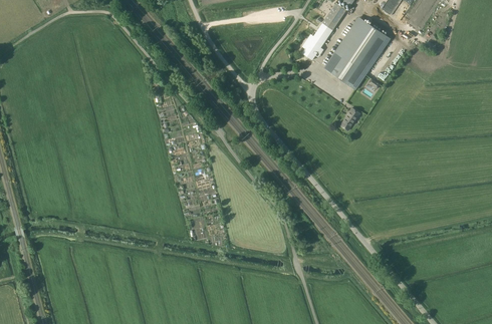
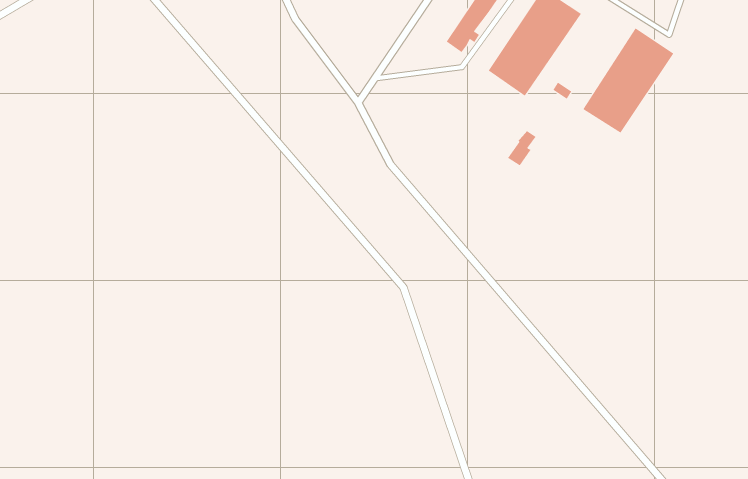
building: none -> [583,28,674,134]

